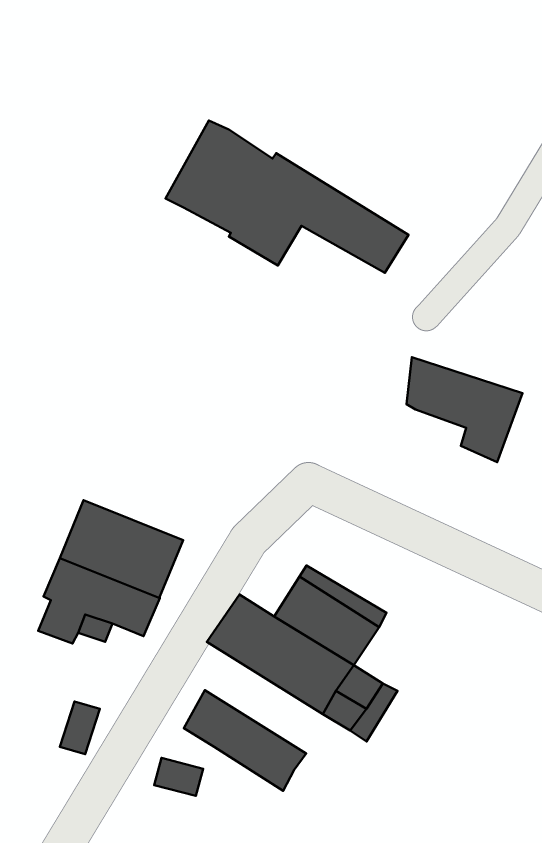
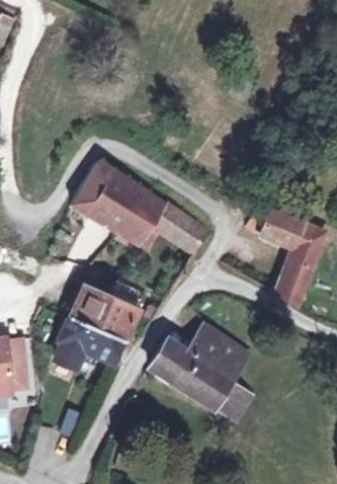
building: [165,121,408,273] -> [74,164,209,249]
building: none -> [276,256,311,301]
building: [184,690,306,791] -> none

